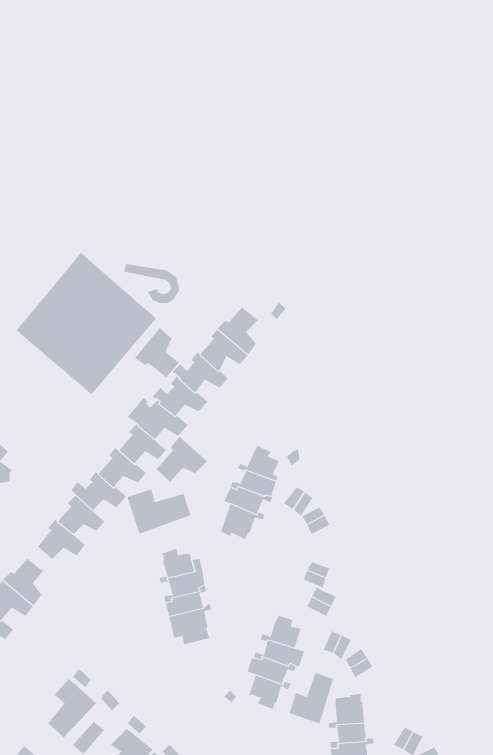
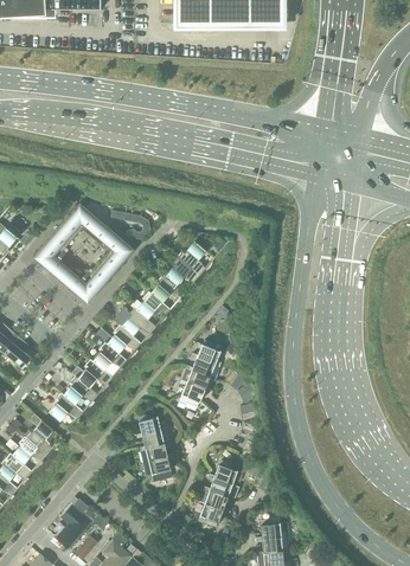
building: [134,327,180,378] -> none
building: [156,436,208,483] -> none
building: [127,488,191,534] -> none
building: [289,672,334,724] -> none

